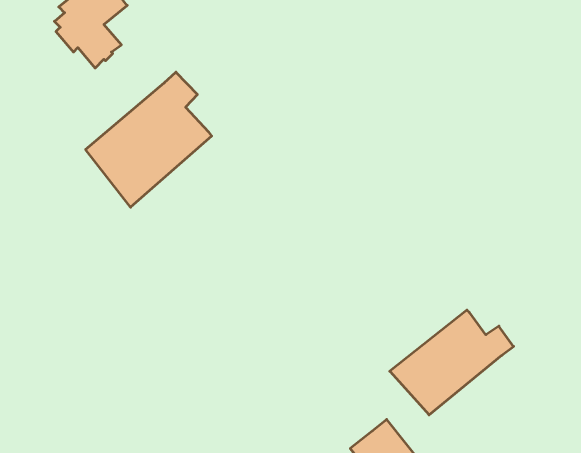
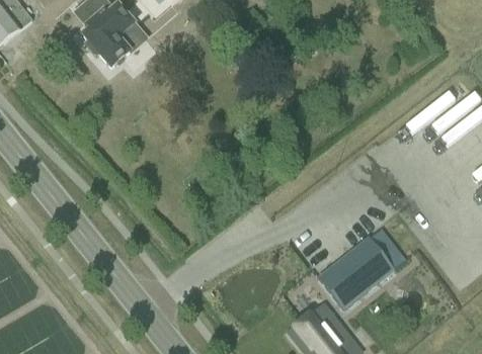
building: [86,72,212,207] -> none

